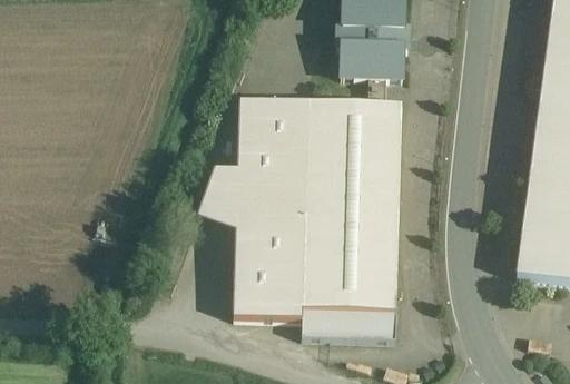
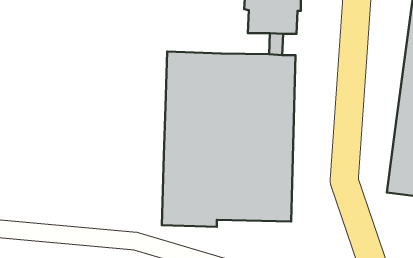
building: [199,166,238,228] -> none
building: [303,309,396,338] -> none

